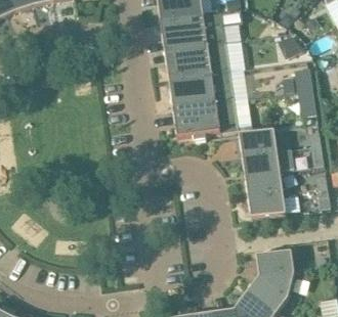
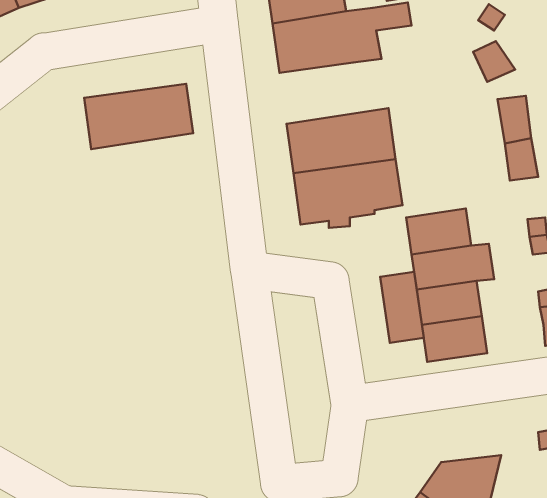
building: [166,42,229,80] -> [84,84,193,149]
building: none -> [380,272,424,343]
building: [257,251,295,276] -> none

